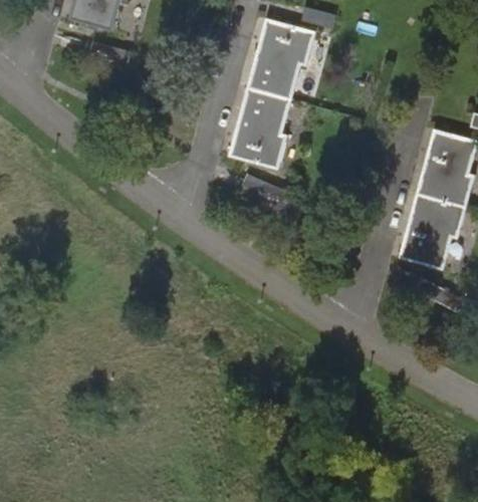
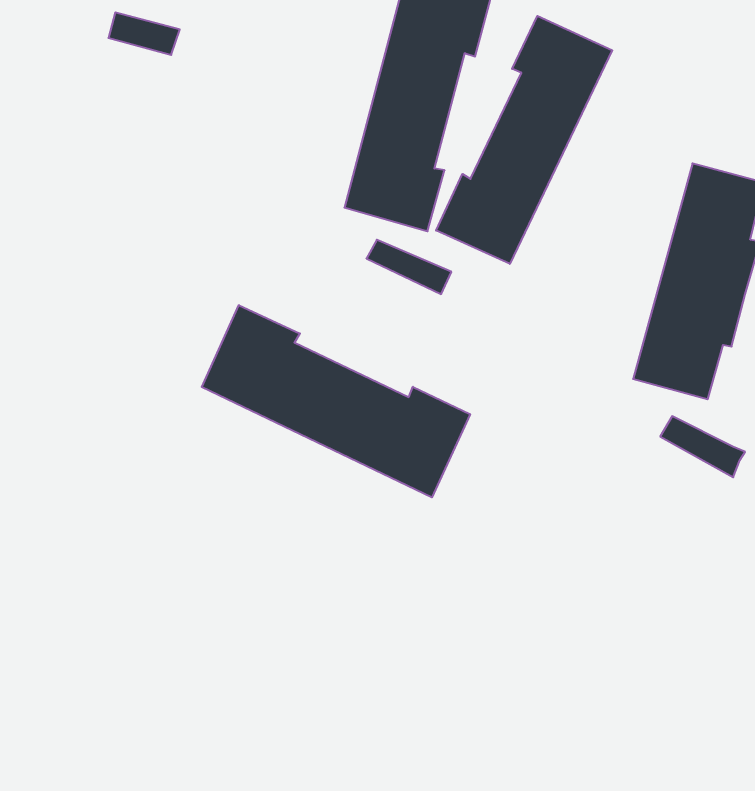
building: none -> [436,16,612,264]
building: none -> [202,305,470,497]

